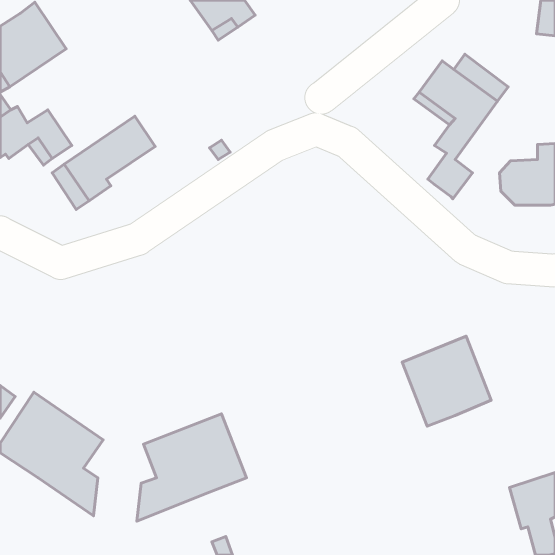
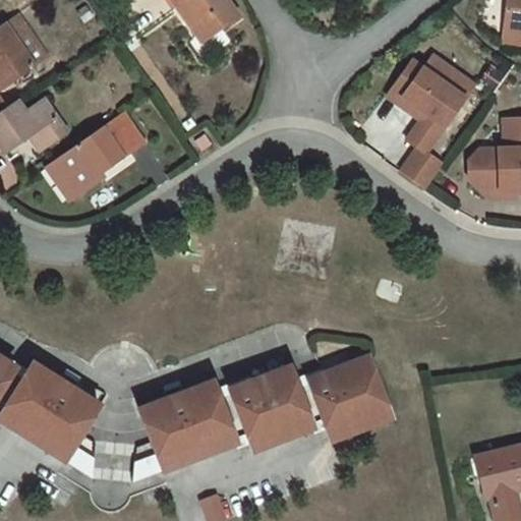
building: [402,336,491,426] -> [303,360,387,445]
building: none -> [225,372,308,456]

